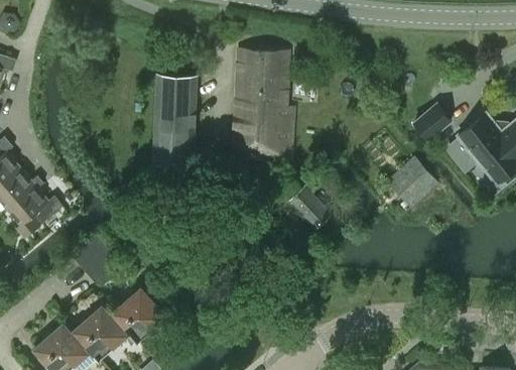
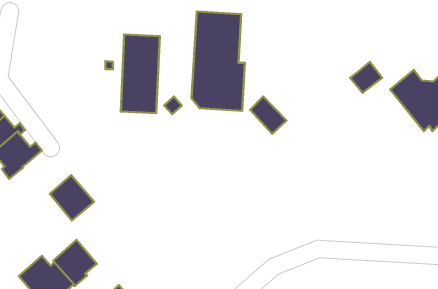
building: [385,156,438,209] -> none
building: [290,186,332,228] -> [250,97,286,134]
building: [114,290,164,342] -> none

